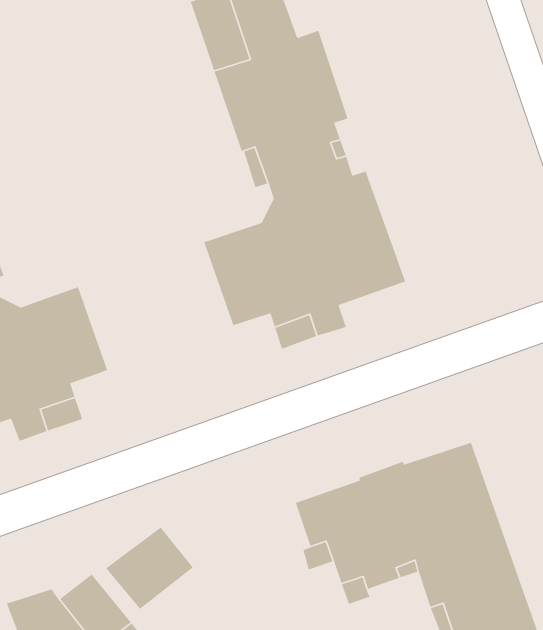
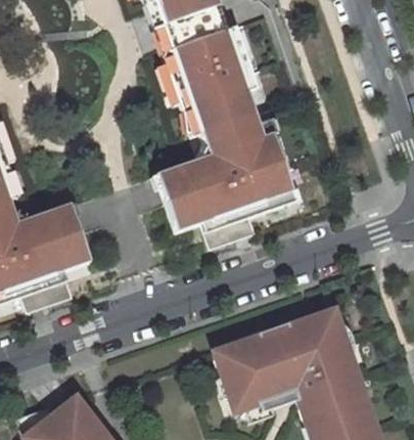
building: [105,526,194,610] -> none

